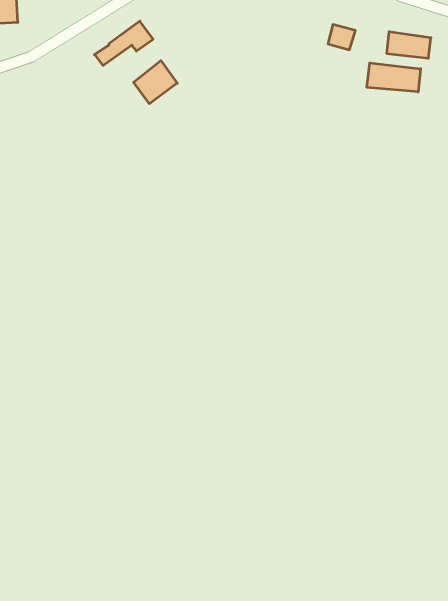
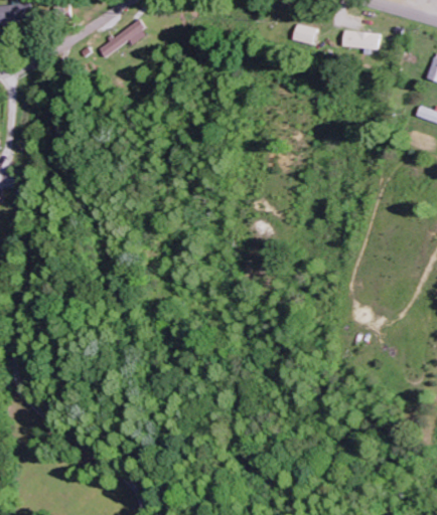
building: [134,61,177,104] -> none
building: [367,63,421,92] -> none

